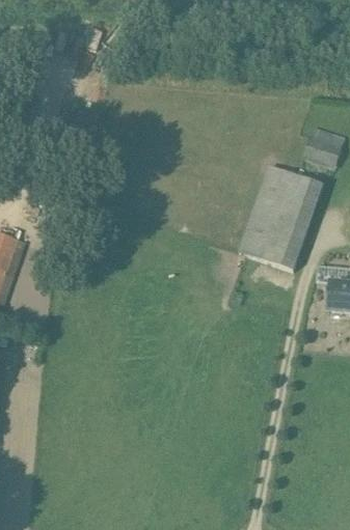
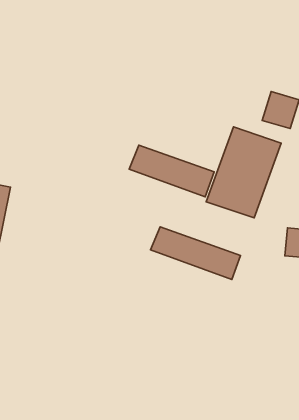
building: none -> [129,145,214,197]
building: none -> [151,227,240,279]

